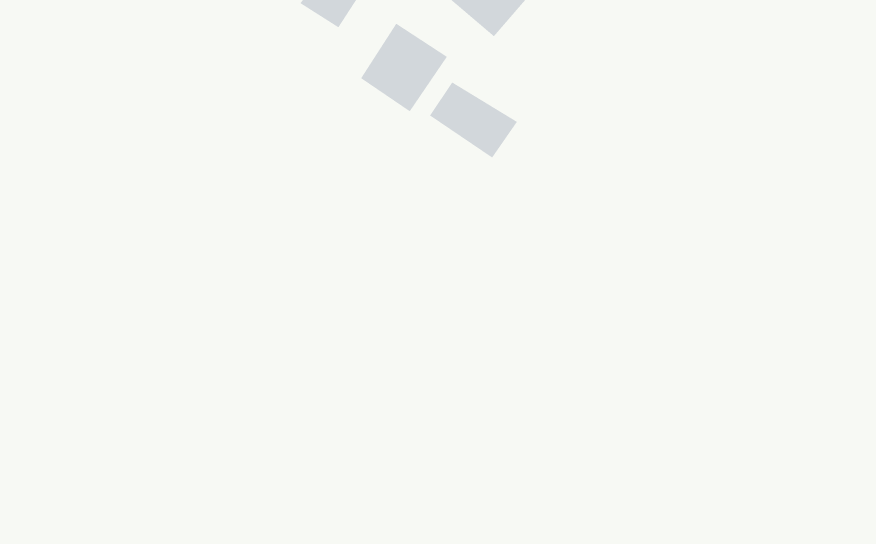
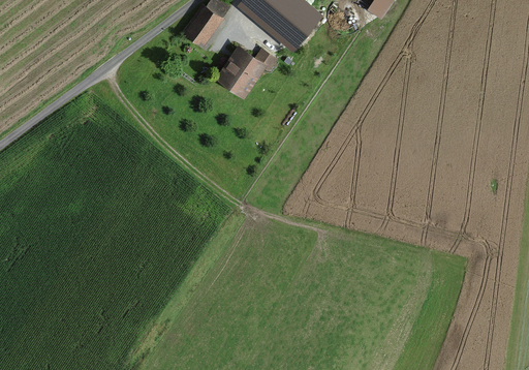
building: [429,82,518,158] -> none

